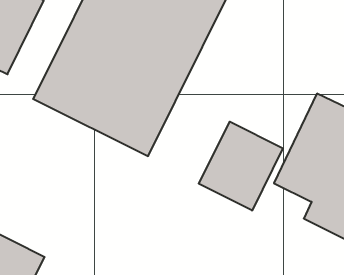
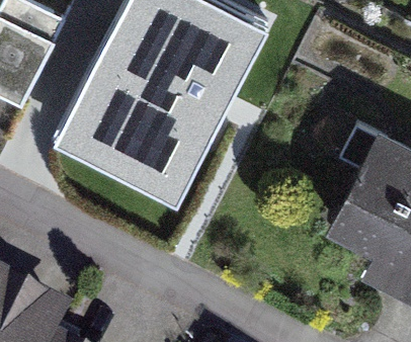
building: [199,122,283,211] -> none

